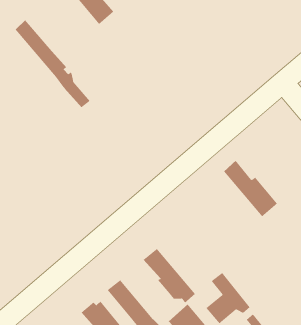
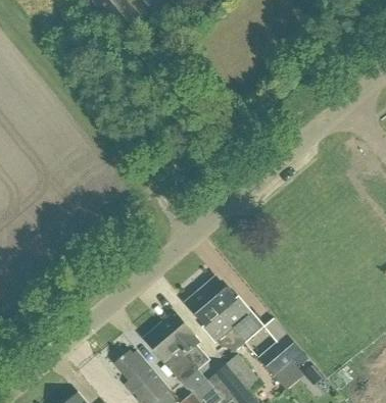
building: [15,20,90,108] -> none
building: [223,160,278,217] -> [201,276,263,342]
building: none -> [159,312,209,370]

